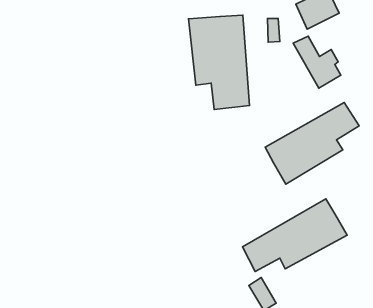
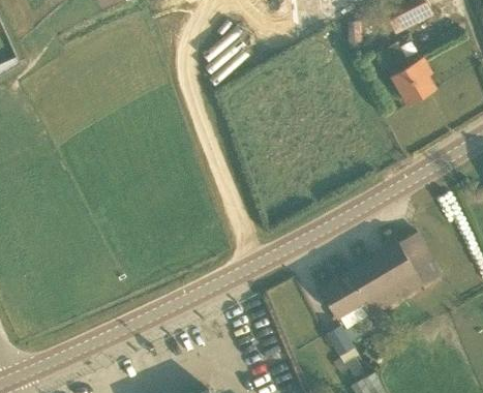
building: [189,15,250,110] -> none
building: [265,102,359,184] -> none

